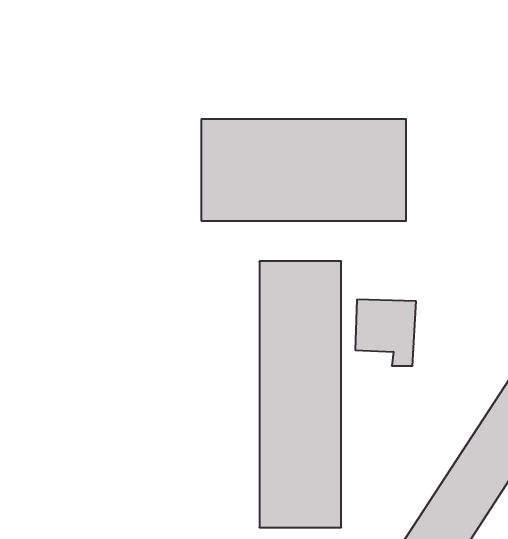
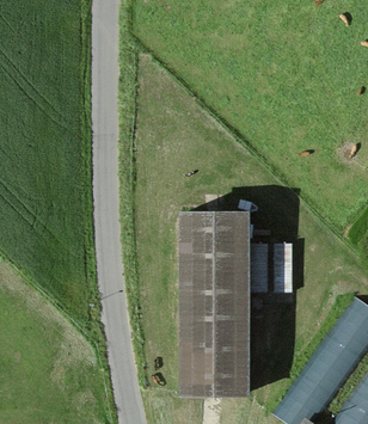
building: [202,119,406,221] -> none

